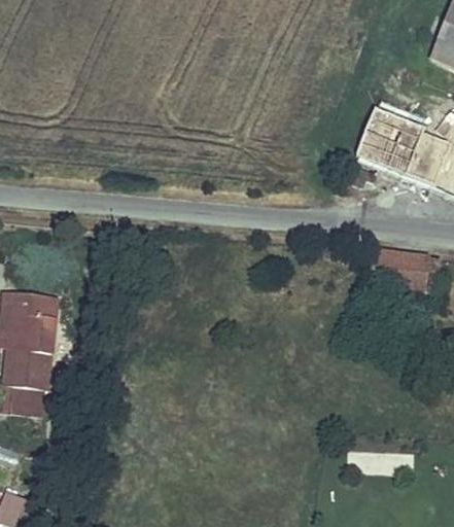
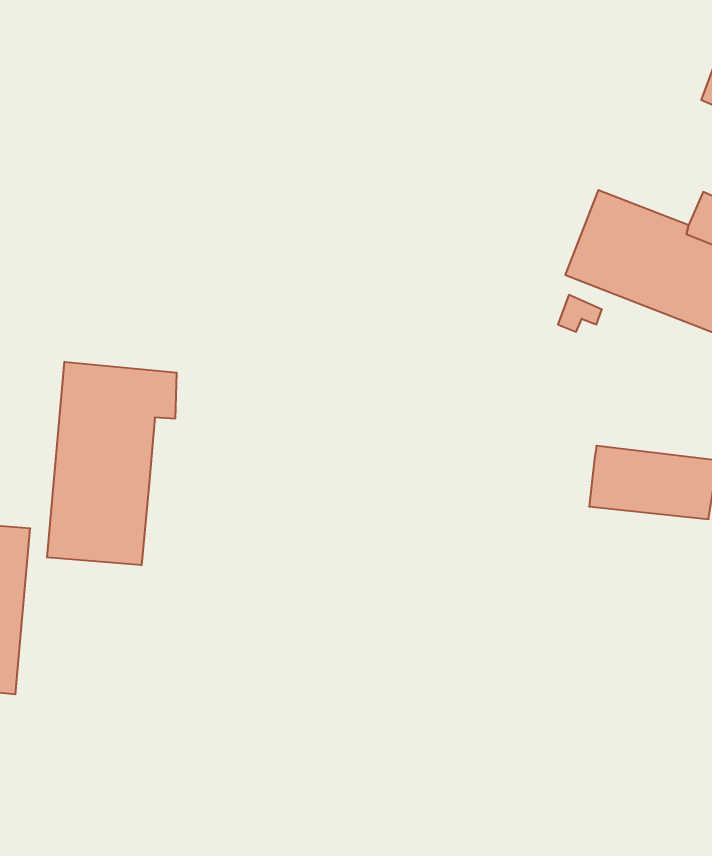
building: none -> [47,362,177,565]

